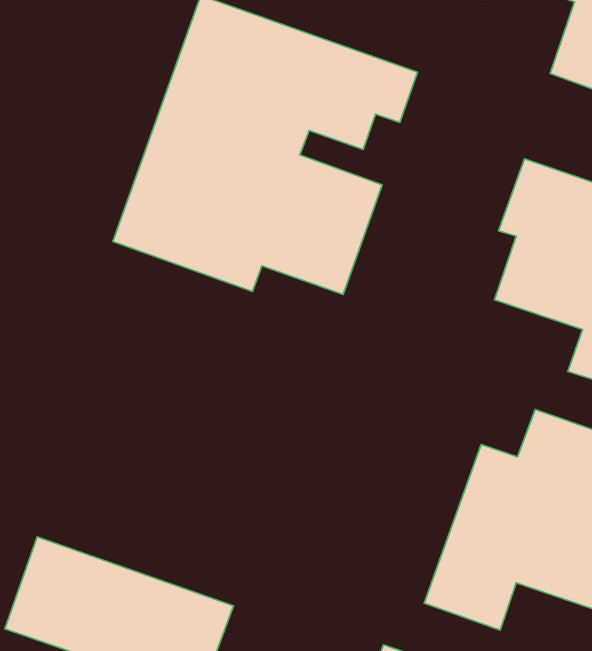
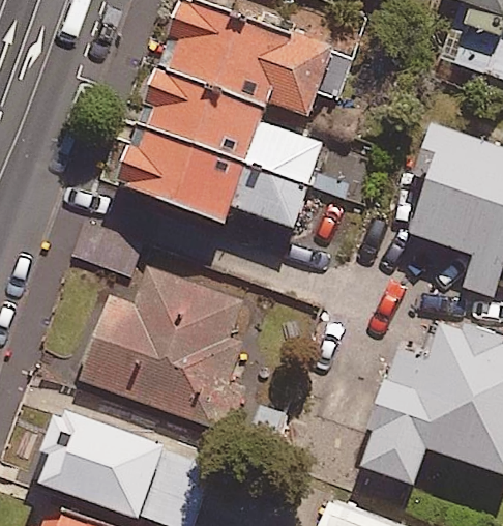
building: none -> [81,264,254,429]

